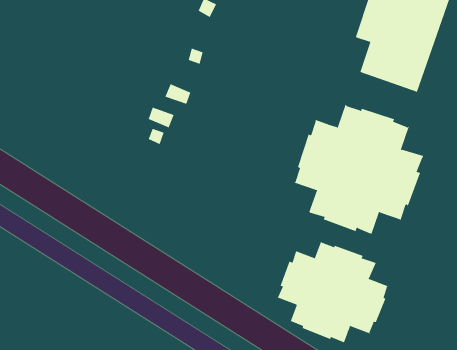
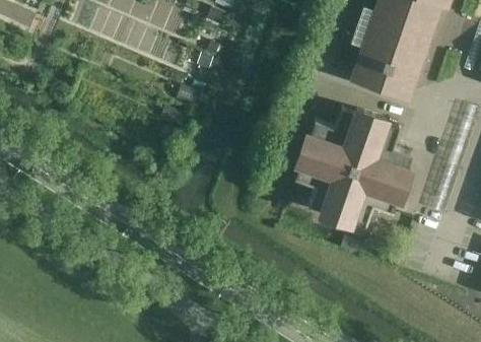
building: [277,241,389,344] -> none

